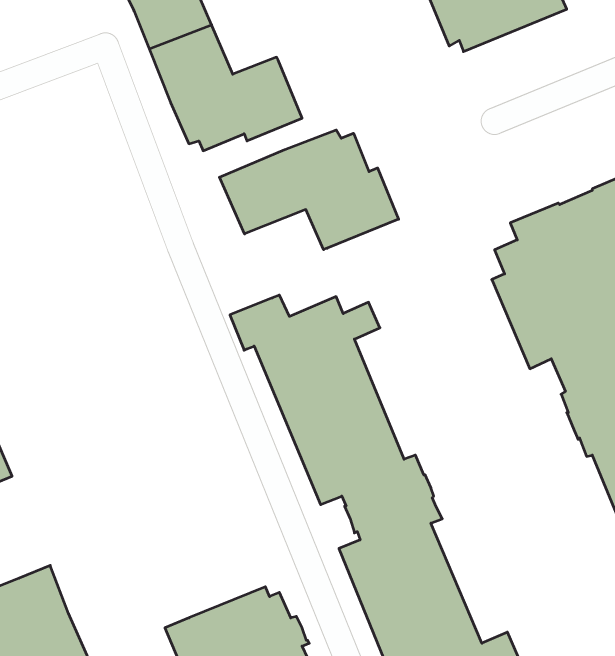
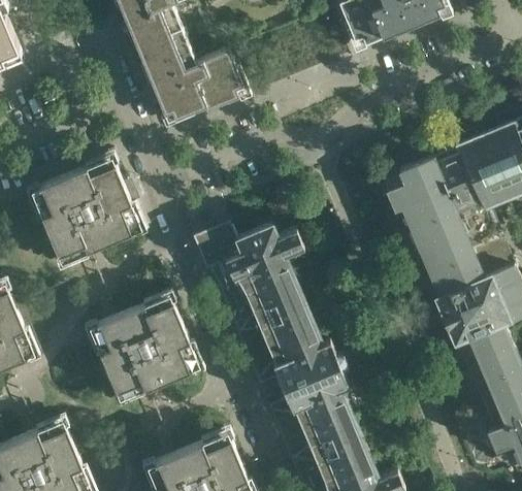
building: [219,130,399,250] -> none
building: none -> [32,161,139,263]
building: none -> [90,298,198,401]

